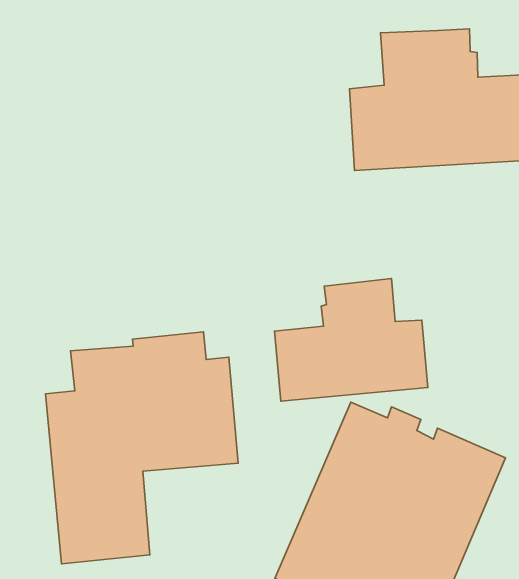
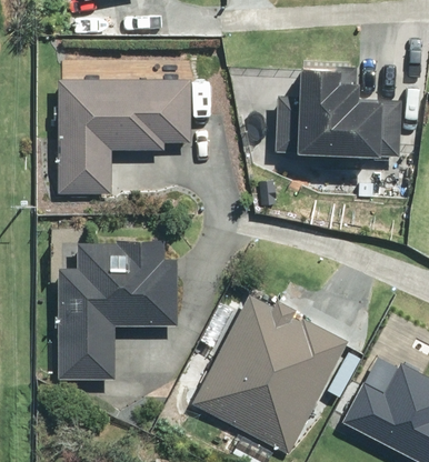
building: none -> [60,84,183,190]
building: [274,279,428,401] -> none

